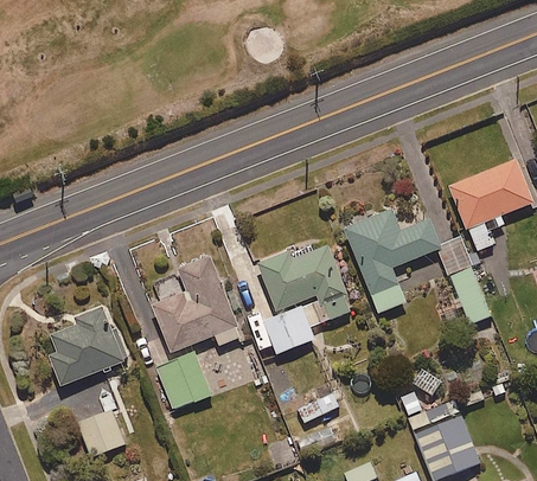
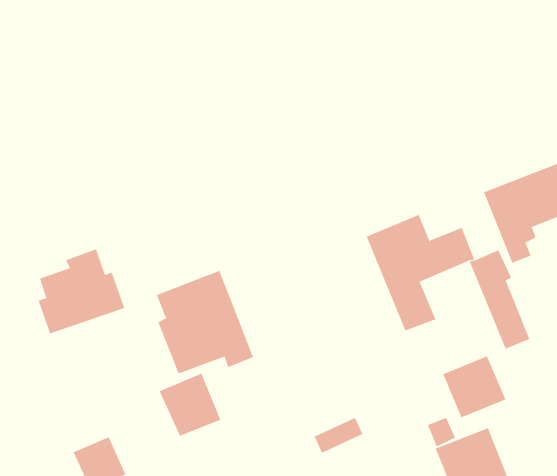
building: [258,243,353,354] -> none
building: [50,307,129,385] -> [38,248,125,334]
building: none -> [442,355,506,418]

